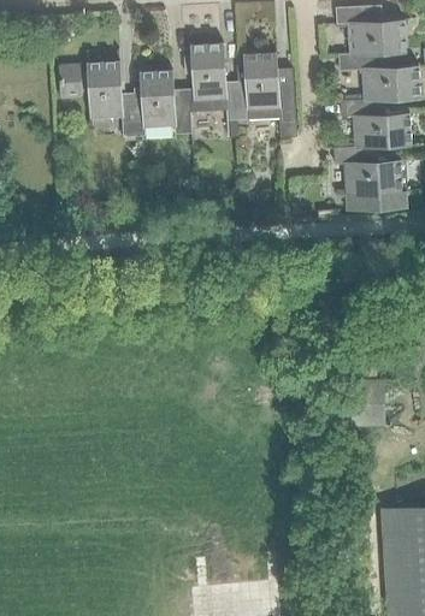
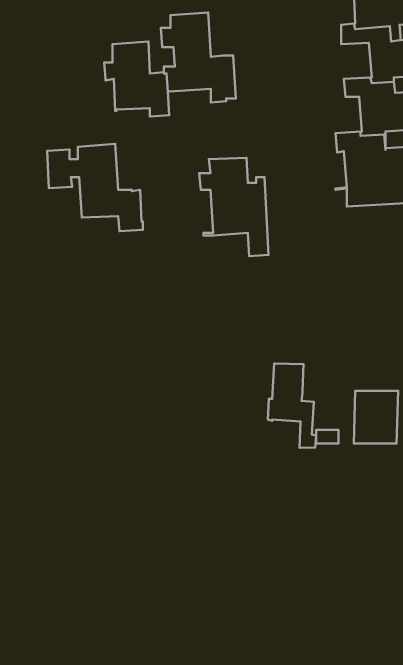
building: [235,53,295,138] -> [199,158,269,256]
building: [60,61,143,137] -> [47,144,143,231]
building: none -> [268,363,316,448]

